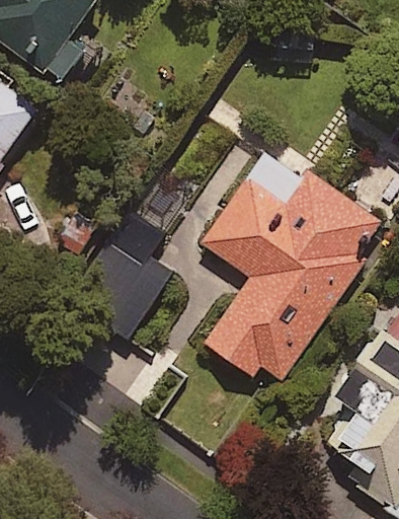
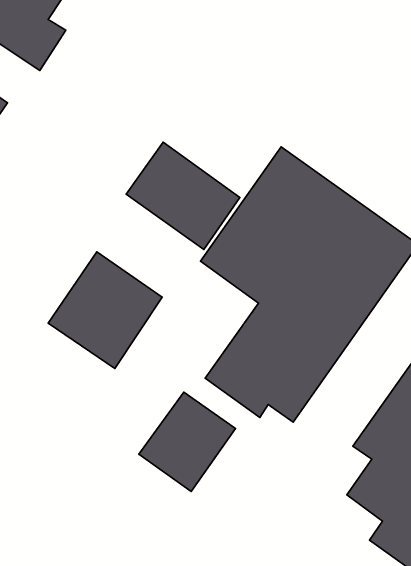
building: none -> [126,142,240,249]
building: none -> [139,392,236,491]

